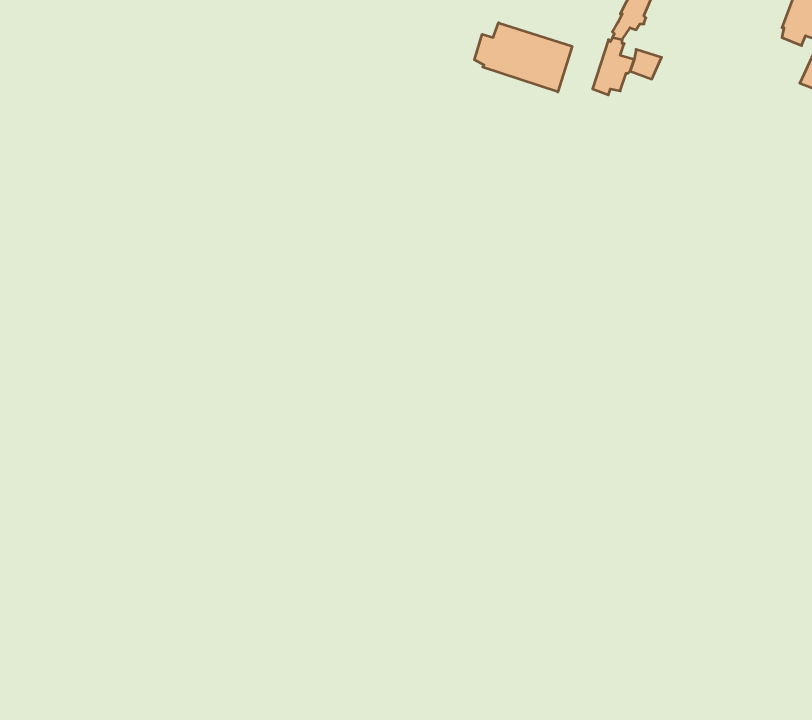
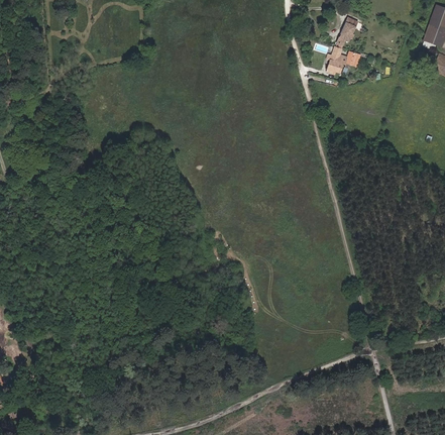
building: [474,23,572,92] -> none

